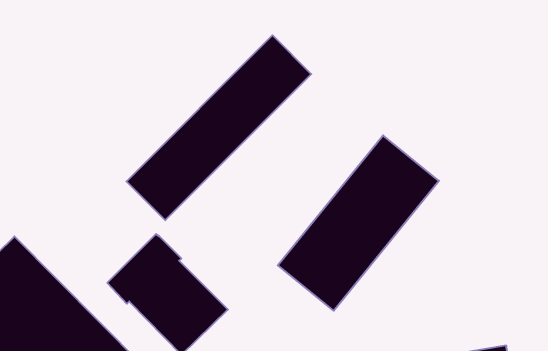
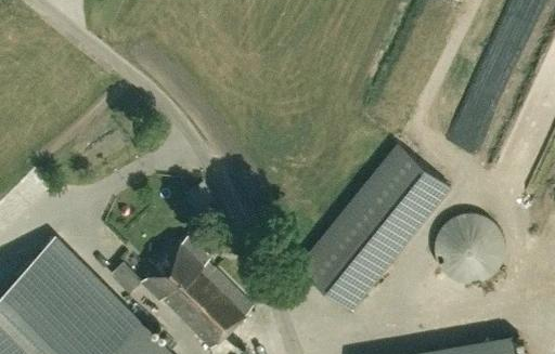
building: [126,35,311,220] -> none
building: none -> [434,211,507,285]

